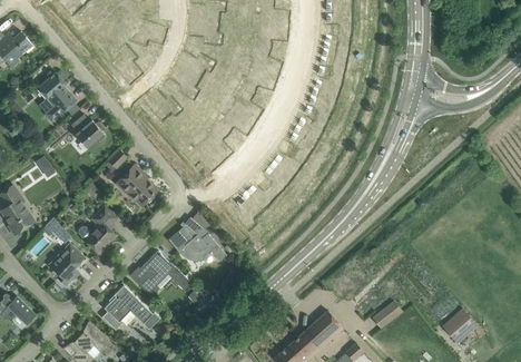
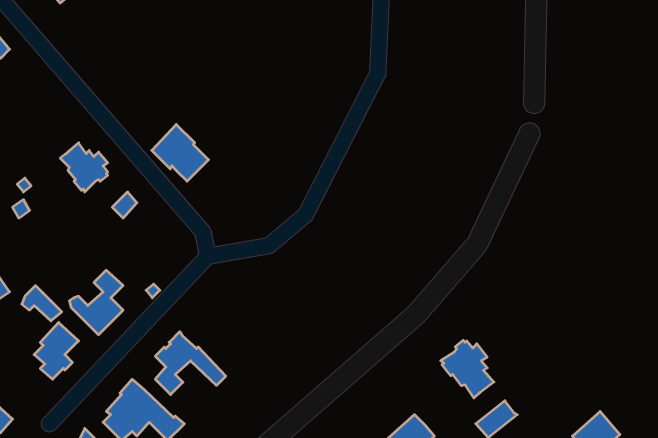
building: [38,71,76,121] -> none
building: [116,164,157,205] -> [152,124,209,181]
building: [168,217,226,262] -> none
building: none -> [441,340,494,398]

